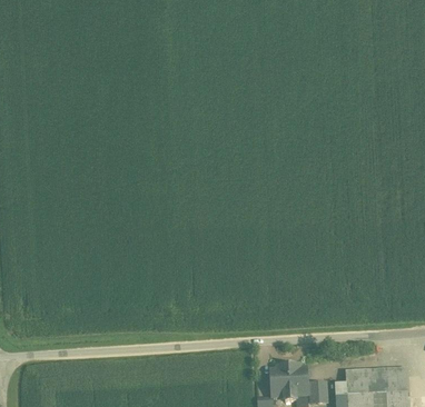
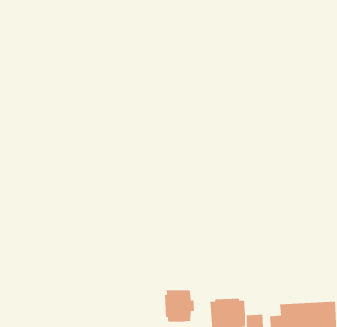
building: none -> [164,289,195,323]

